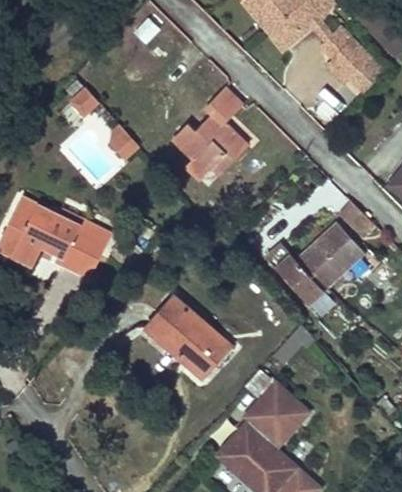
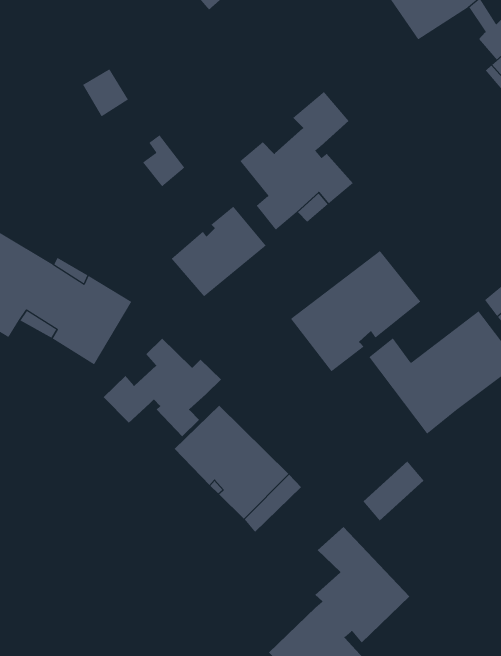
building: none -> [171,206,267,297]
building: none -> [290,250,421,372]
building: none -> [103,338,222,437]

